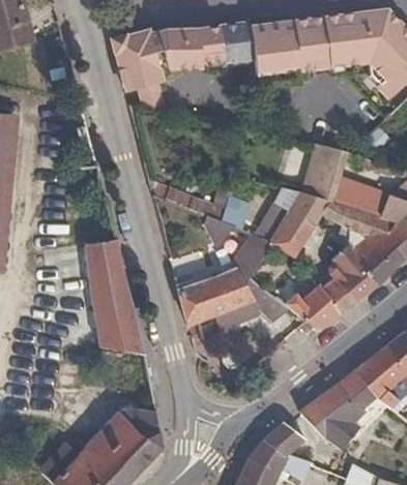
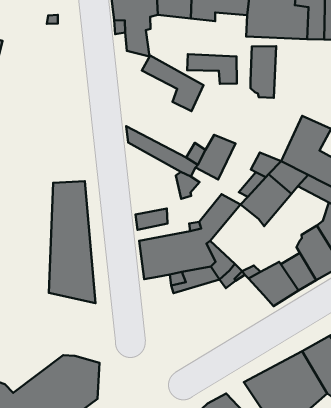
building: none -> [250,46,276,98]
building: none -> [187,54,237,84]
building: none -> [142,55,204,111]

